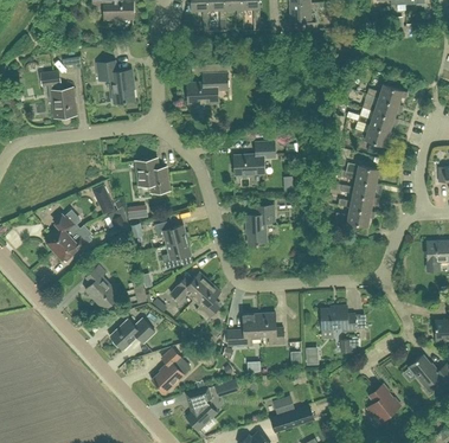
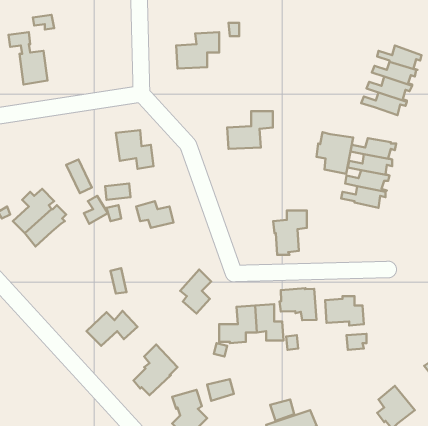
building: [98,60,134,102] -> none
building: none -> [317,132,353,174]
building: [245,205,275,244] -> [273,210,307,255]
building: [162,239,192,269] -> none
building: [85,265,120,309] -> none
building: [171,271,210,301] -> none
building: none -> [280,288,316,320]

